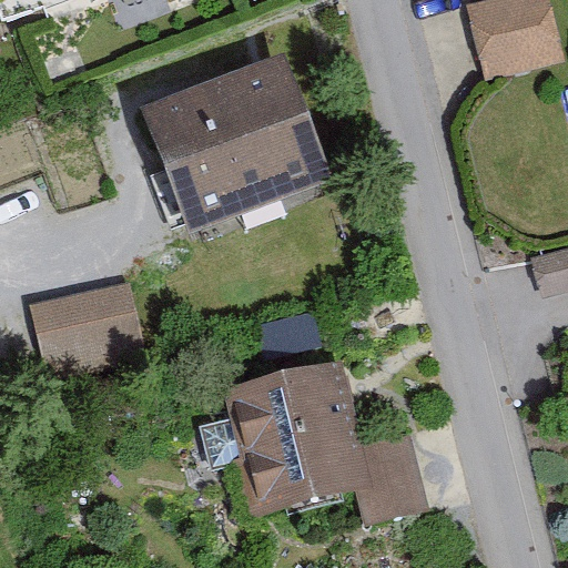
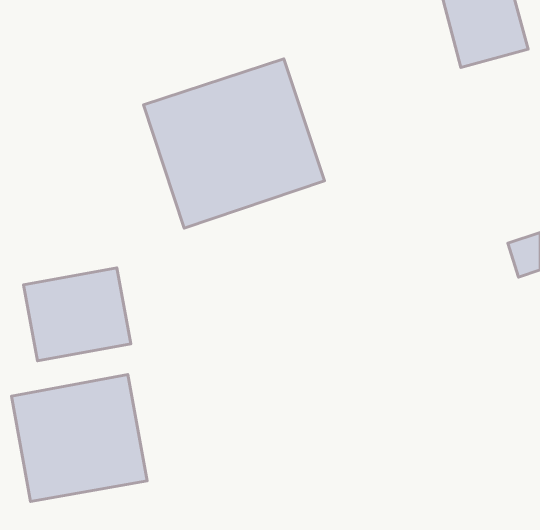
building: [227,364,419,516] -> none
building: none -> [11,374,147,502]

